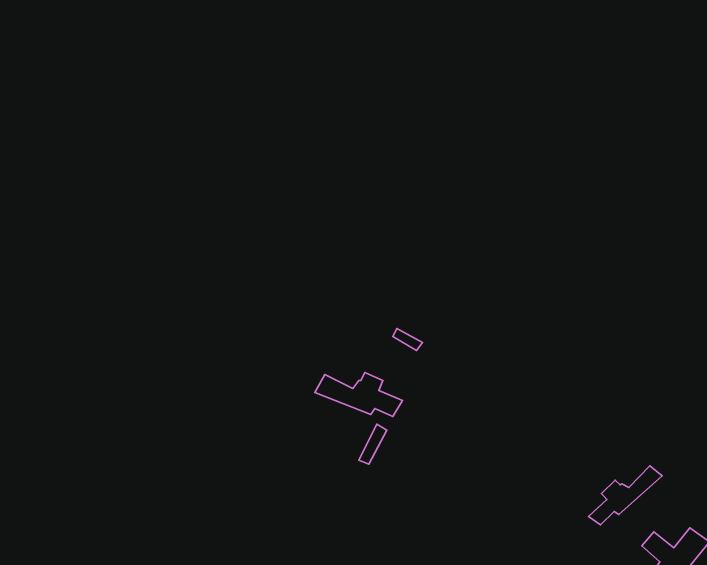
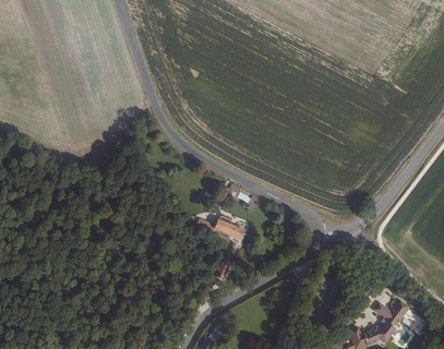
building: [589,466,662,525] -> none

